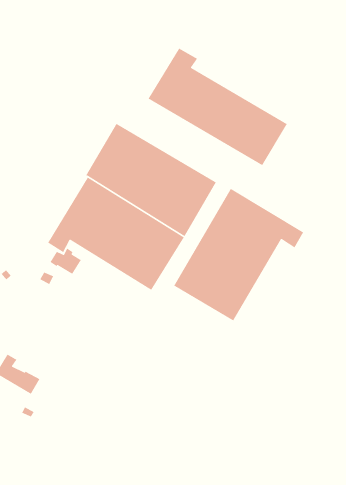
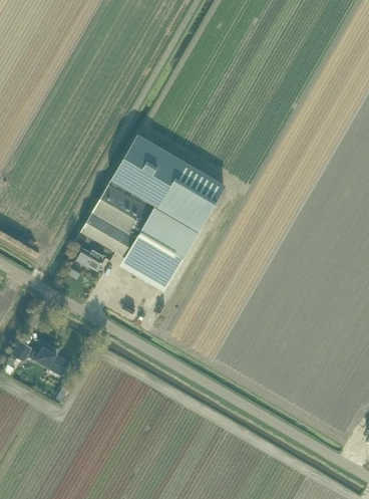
building: [147,47,288,166] -> none
building: [173,188,304,321] -> none

